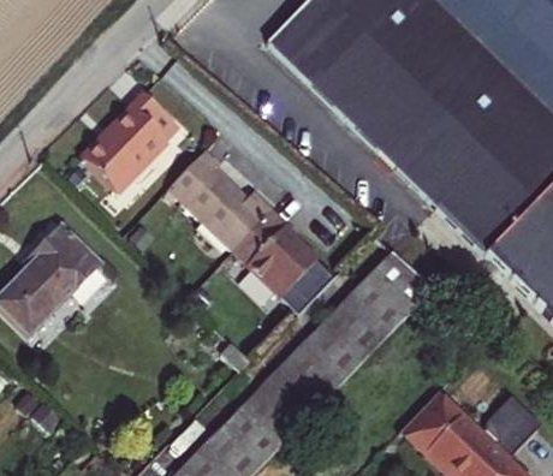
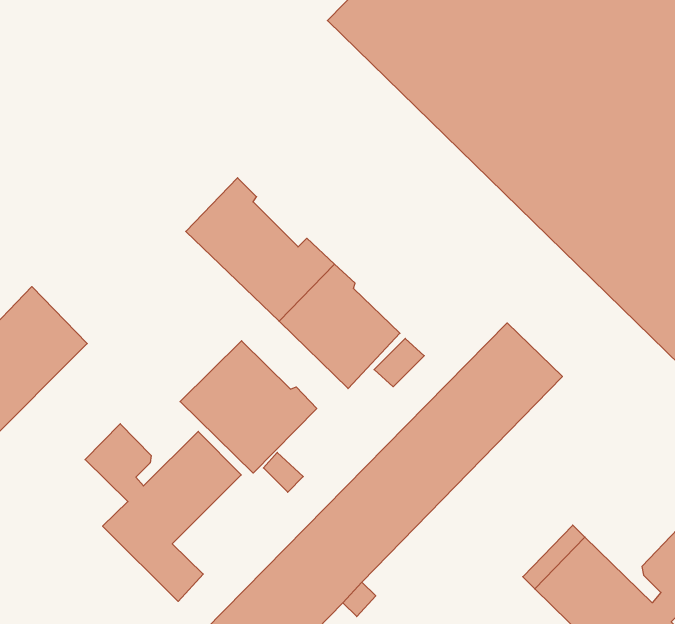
building: [82,91,179,191] -> none
building: none -> [180,341,317,473]
building: none -> [85,424,241,601]

